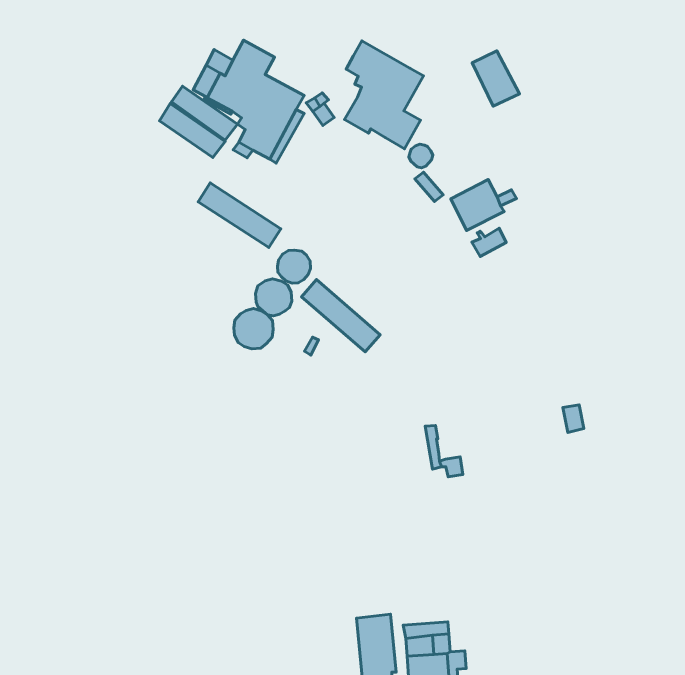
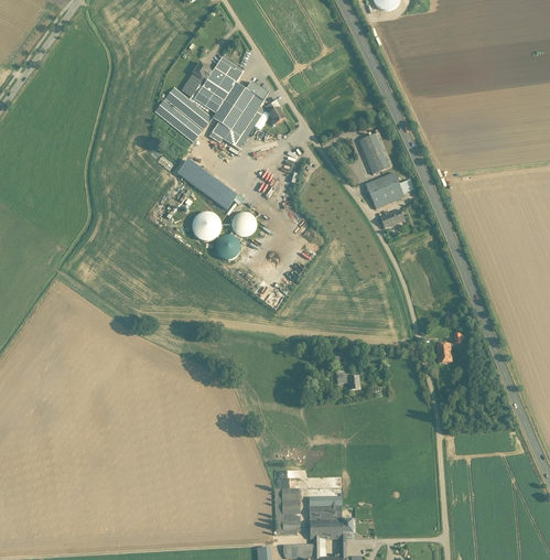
building: [345,41,424,149] -> none
building: [472,51,519,106] -> [358,132,391,173]
building: [302,280,380,352] -> none
building: [234,308,273,349] -> [193,213,222,243]

